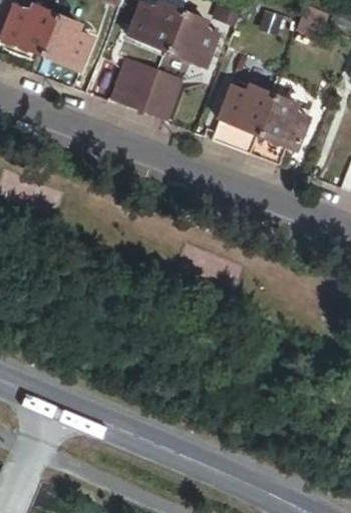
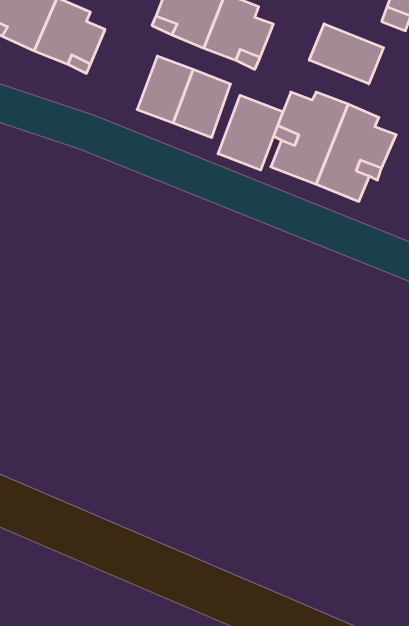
building: none -> [309,24,384,84]
building: none -> [218,95,283,170]

